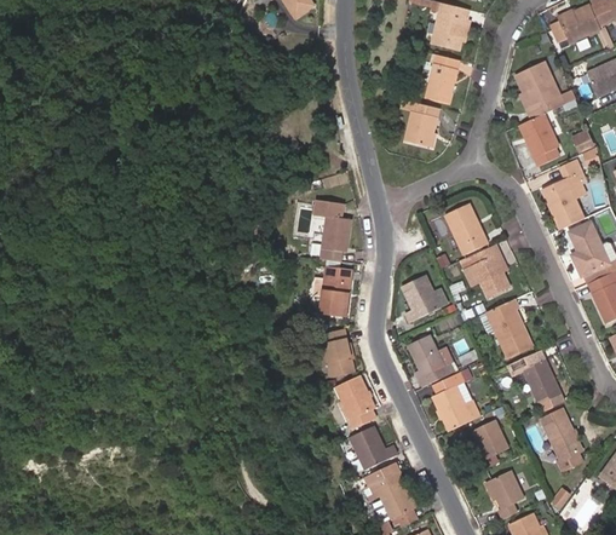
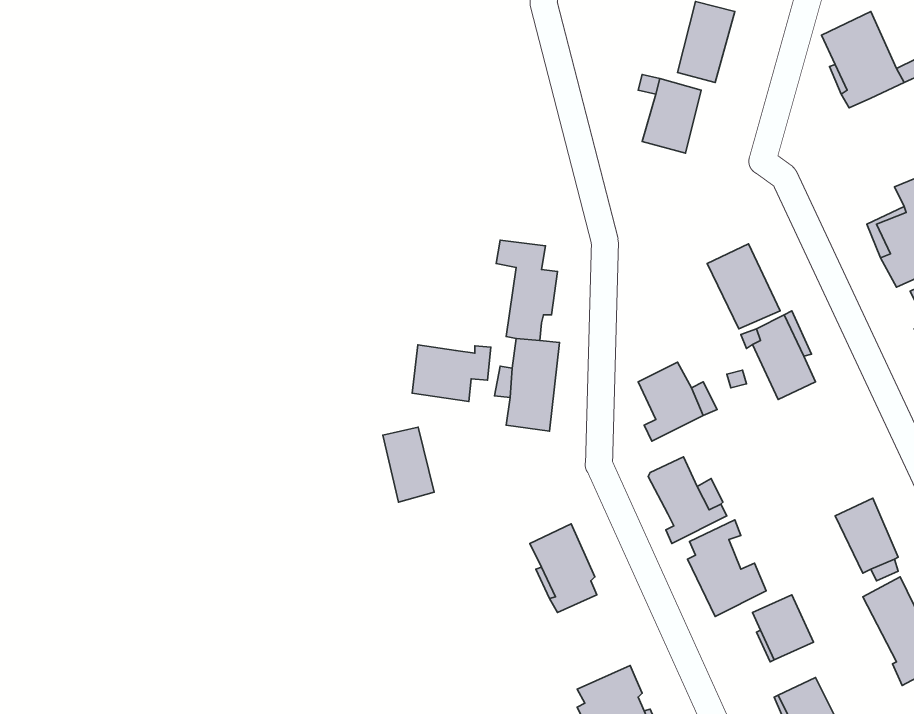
building: [518,113,559,166] -> none
building: none -> [412,345,491,401]
building: [485,298,532,358] -> none
building: [322,330,353,376] -> [383,427,434,502]
building: [349,425,397,468] -> none

